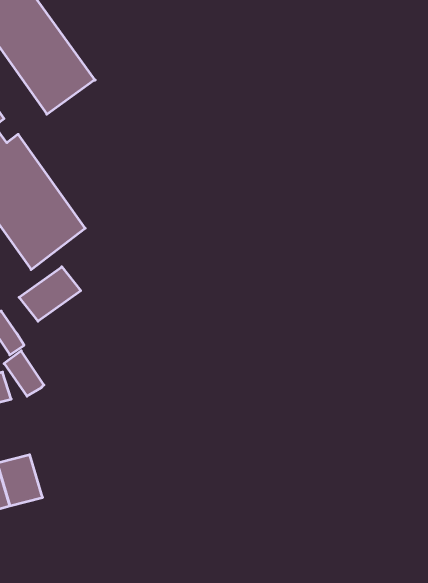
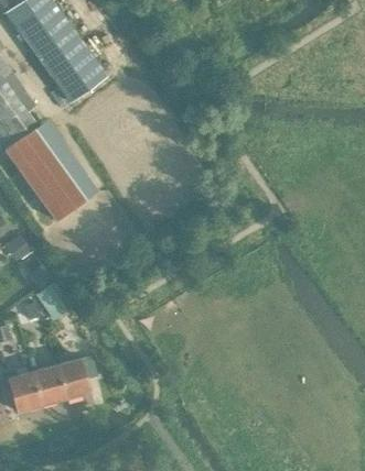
building: [19,267,81,321] -> none
building: none -> [56,358,92,398]

